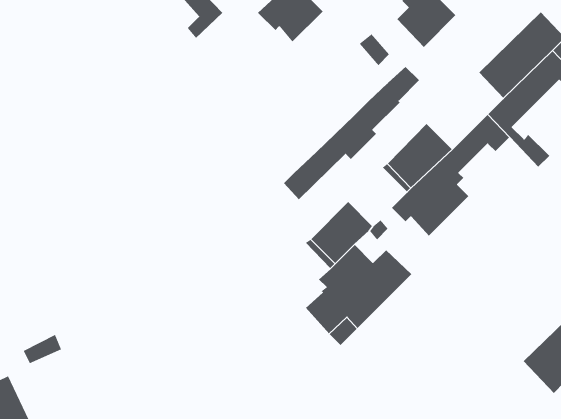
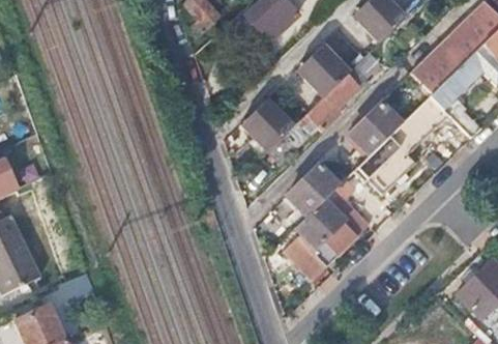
building: none -> [301,44,350,95]
building: none -> [246,97,293,150]

